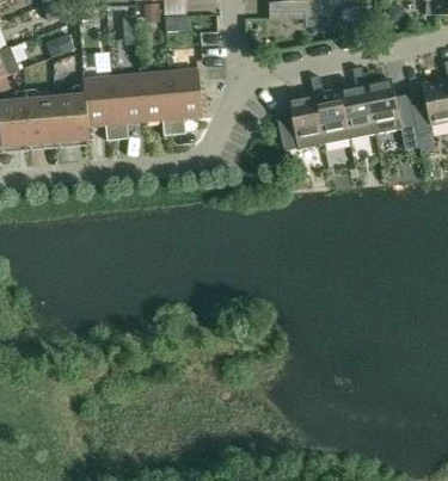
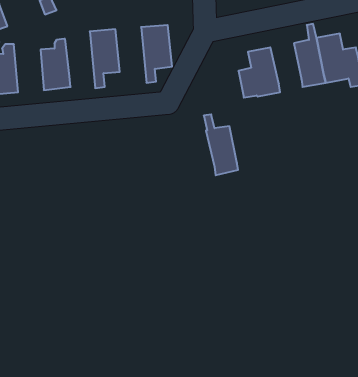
building: [140,72,174,135] -> none
building: [82,76,117,141] -> none
building: [311,76,349,144] -> [204,114,238,175]
building: [26,90,60,144] -> none

